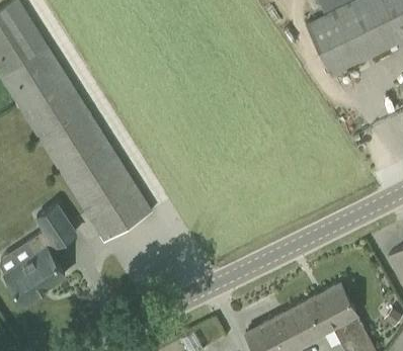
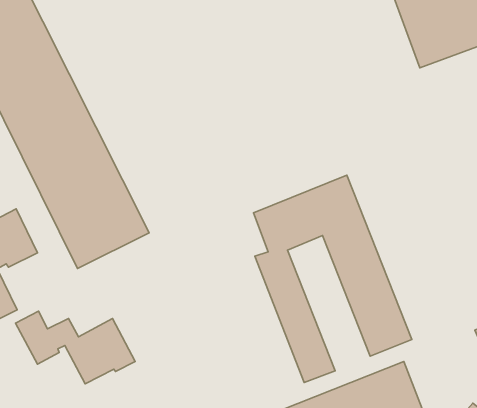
building: none -> [253,175,412,382]
building: none -> [16,311,135,384]

